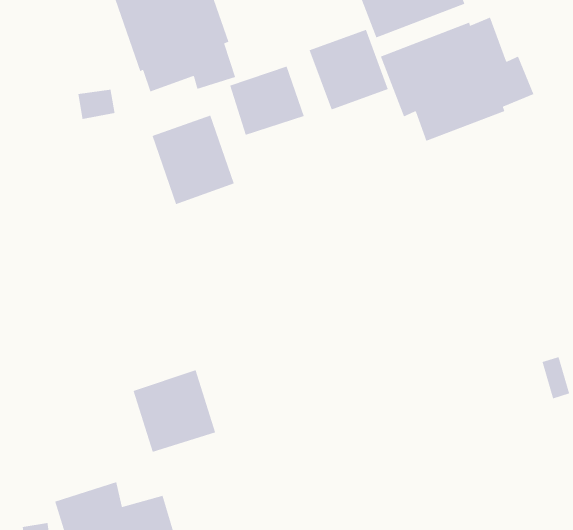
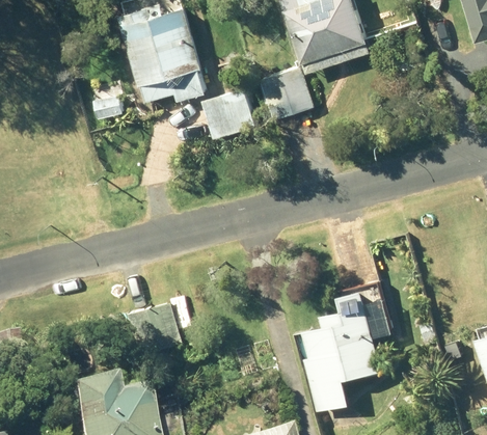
building: [380,17,534,142] -> none
building: [151,114,235,205] -> none
building: none -> [301,275,390,408]

